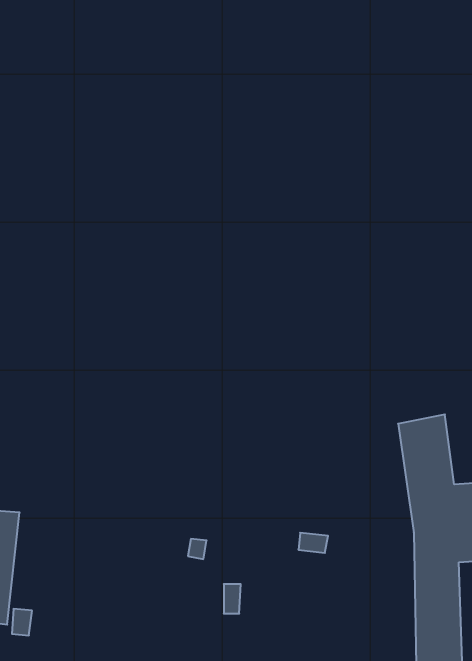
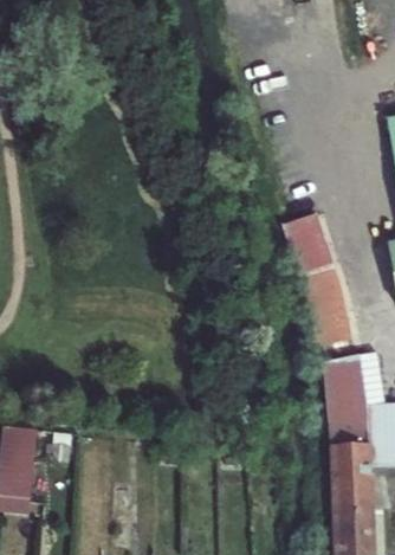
building: none -> [284,215,348,344]

